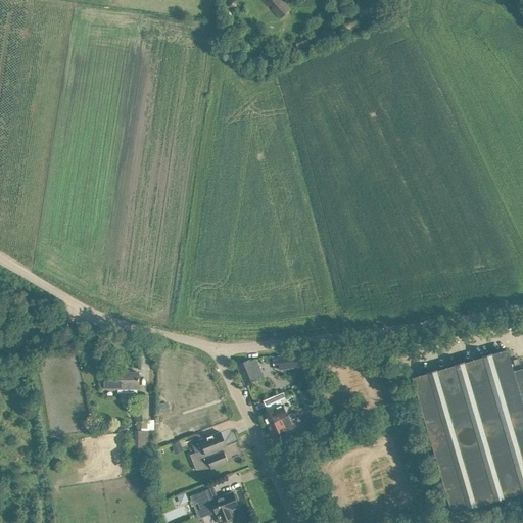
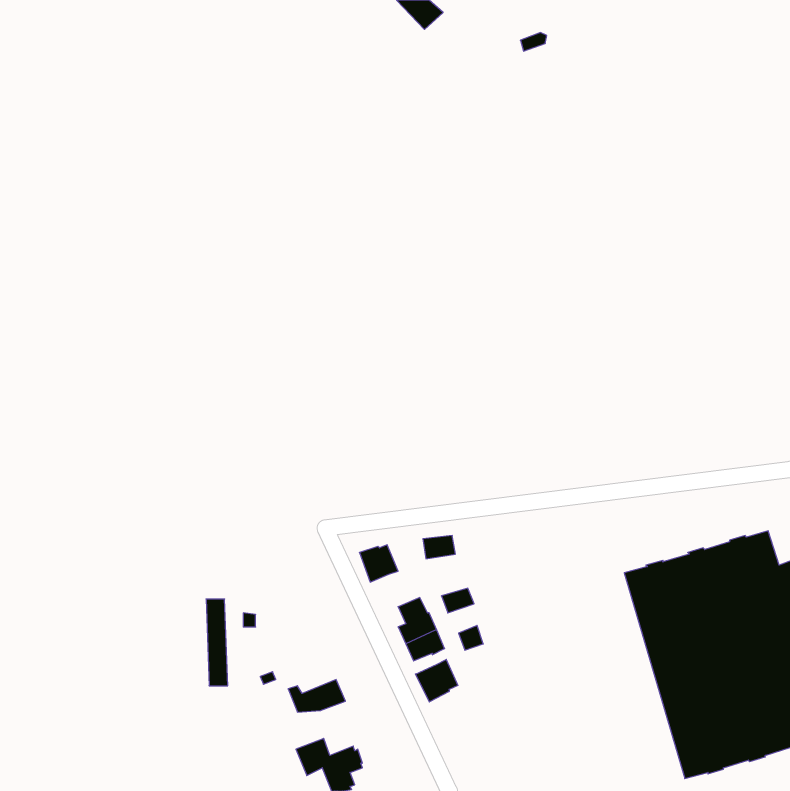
building: [105,371,140,389] -> none
building: [197,432,227,458] -> none
building: none -> [415,659,458,702]

